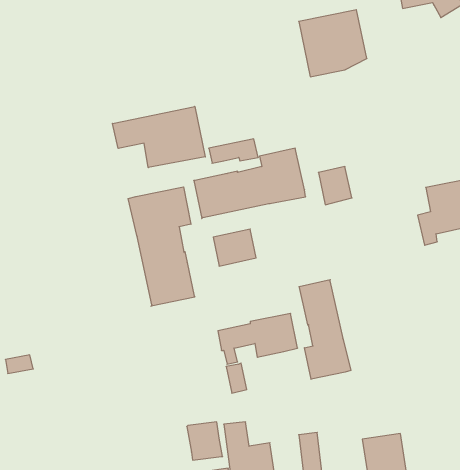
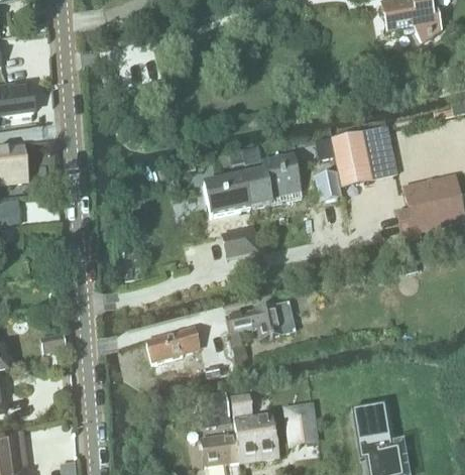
building: [299,10,367,77] -> [333,126,392,185]
building: [112,106,205,168] -> none
building: [128,187,195,306] -> none
building: [299,280,351,379] -> none
building: none -> [147,326,200,360]

